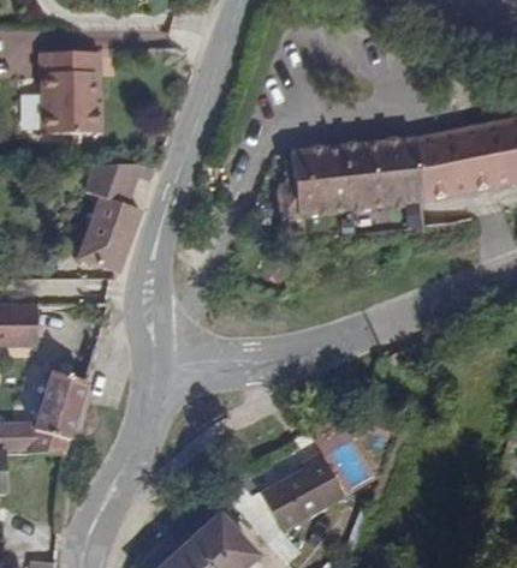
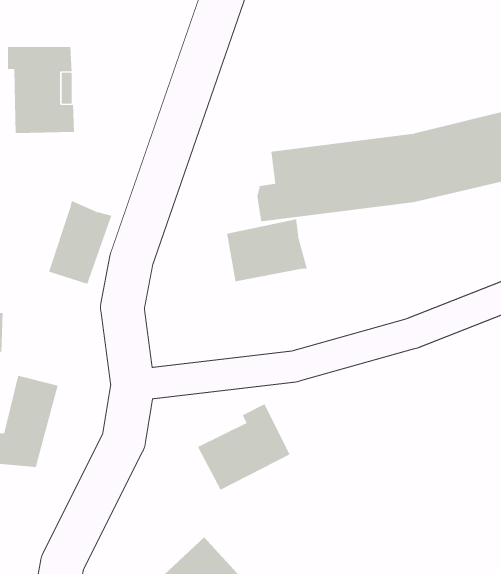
building: [82,171,153,209] -> none
building: none -> [227,219,308,282]
building: [263,454,351,536] -> [197,403,291,490]

